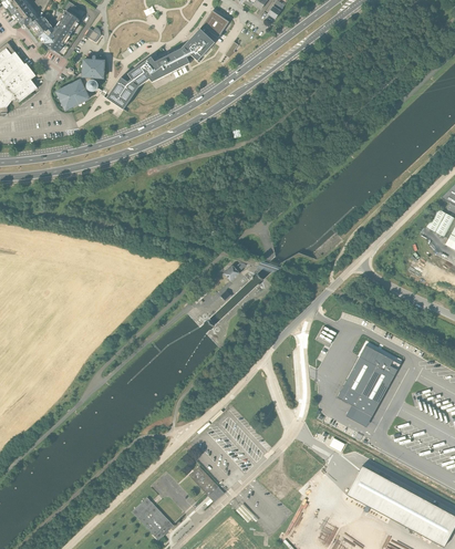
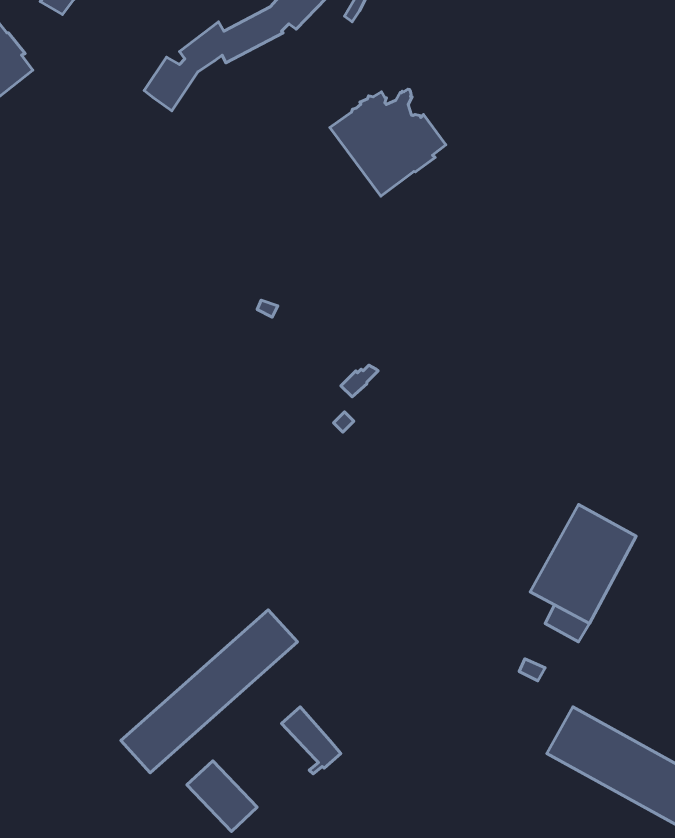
building: [58,54,106,111] -> none
building: none -> [330,89,446,196]
building: none -> [121,610,297,773]

